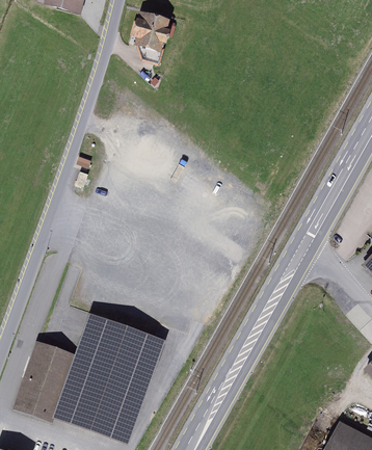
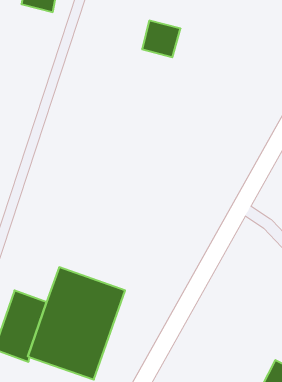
building: [131,11,176,54] -> [142,21,181,57]

